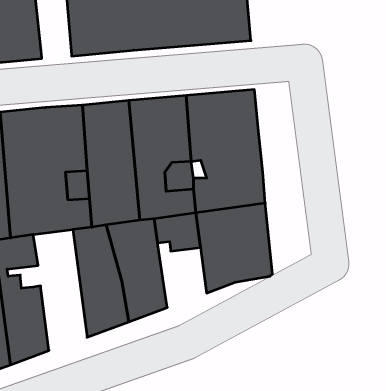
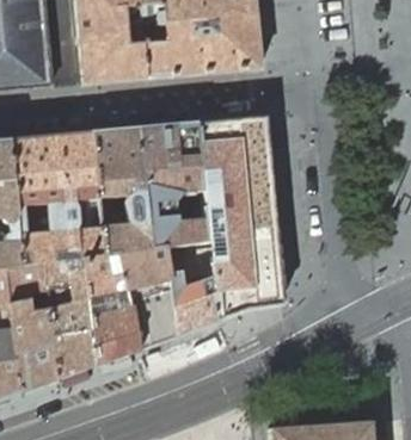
building: none -> [43,255,97,376]
building: none -> [167,267,216,333]

